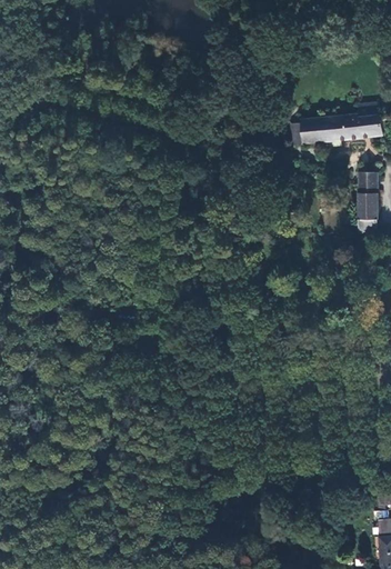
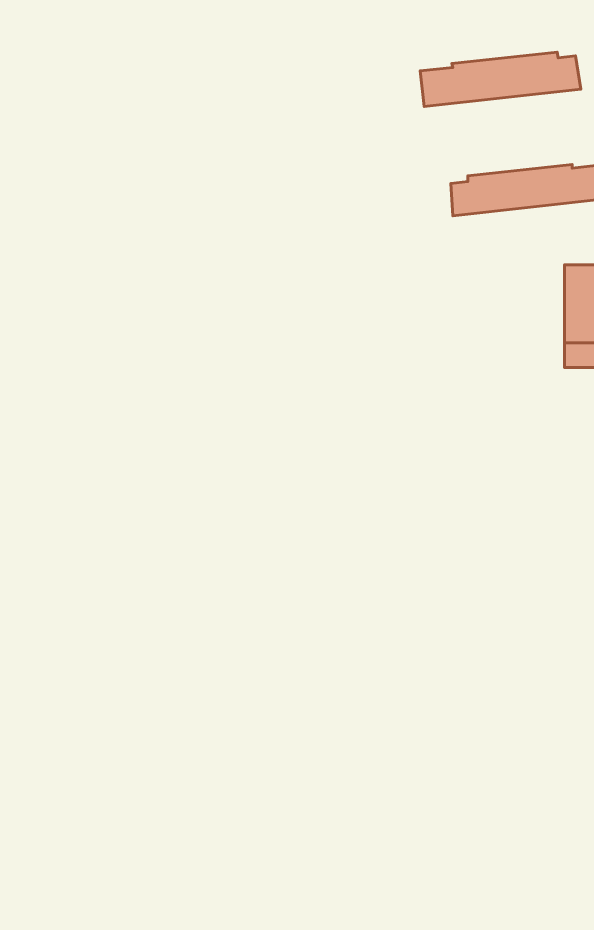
building: none -> [420,52,581,106]

